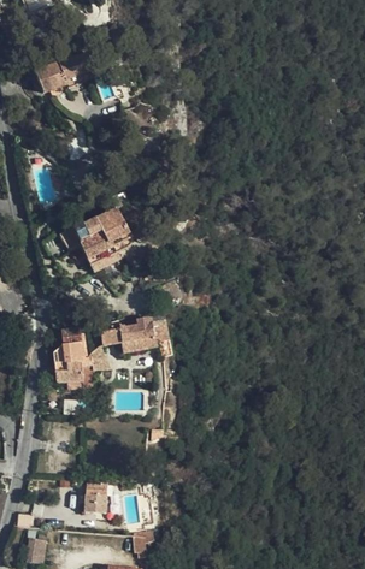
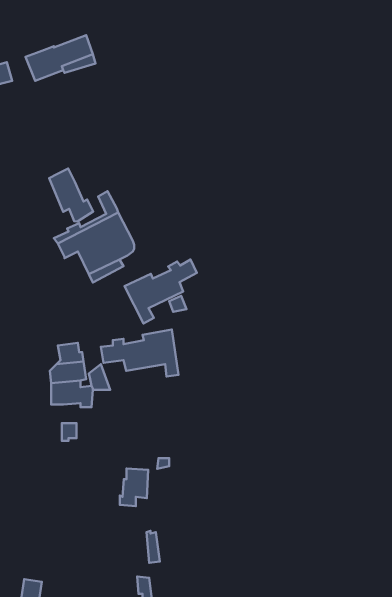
building: none -> [49,168,93,221]
building: none -> [125,260,197,324]
building: [82,478,107,511] -> [120,469,148,506]

